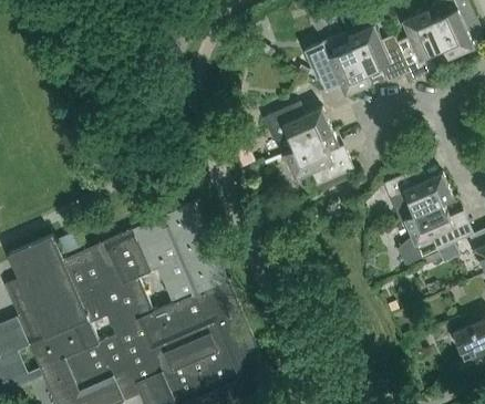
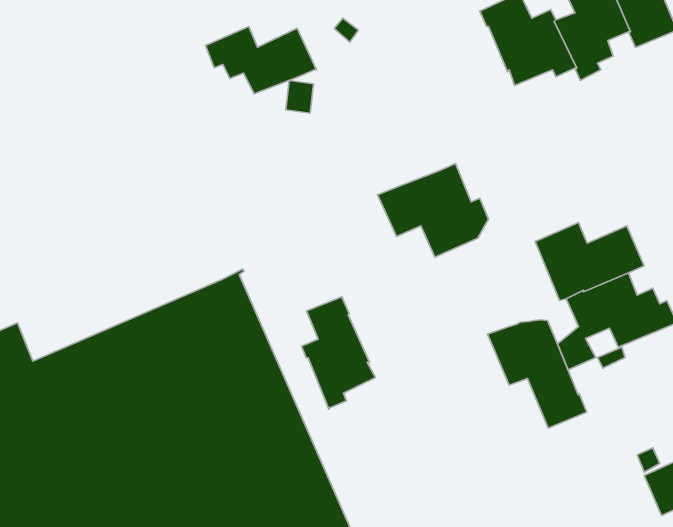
building: [307,35,370,95] -> none
building: [261,105,332,148] -> [206,26,316,94]
building: none -> [302,297,375,409]
building: none -> [487,320,587,428]

